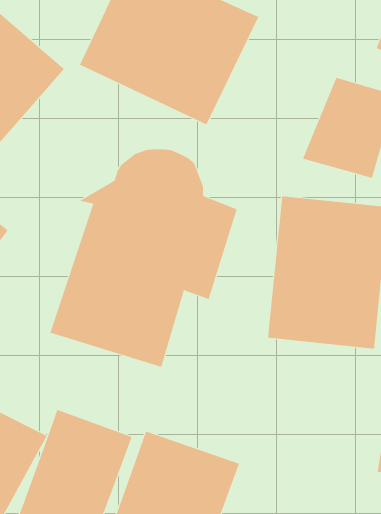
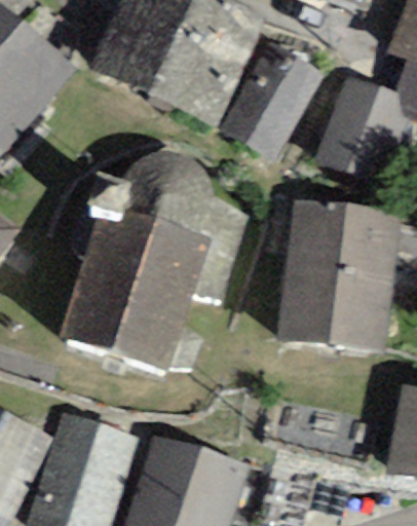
building: none -> [219,41,326,161]

